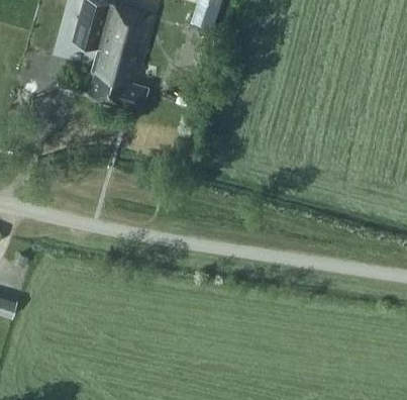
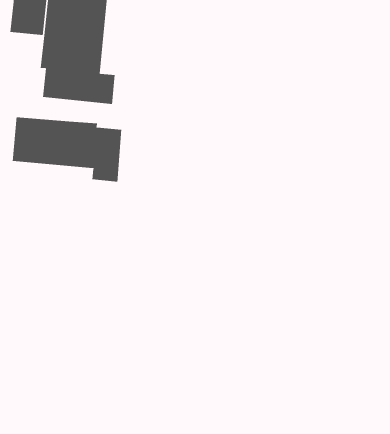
building: none -> [12,116,122,182]

